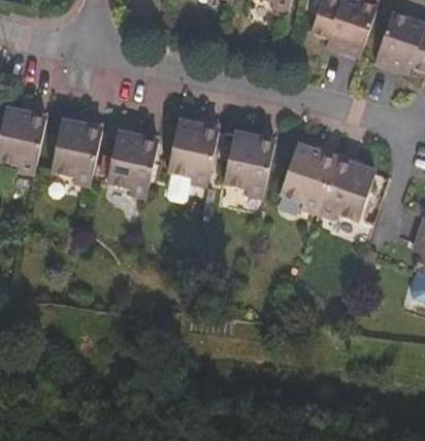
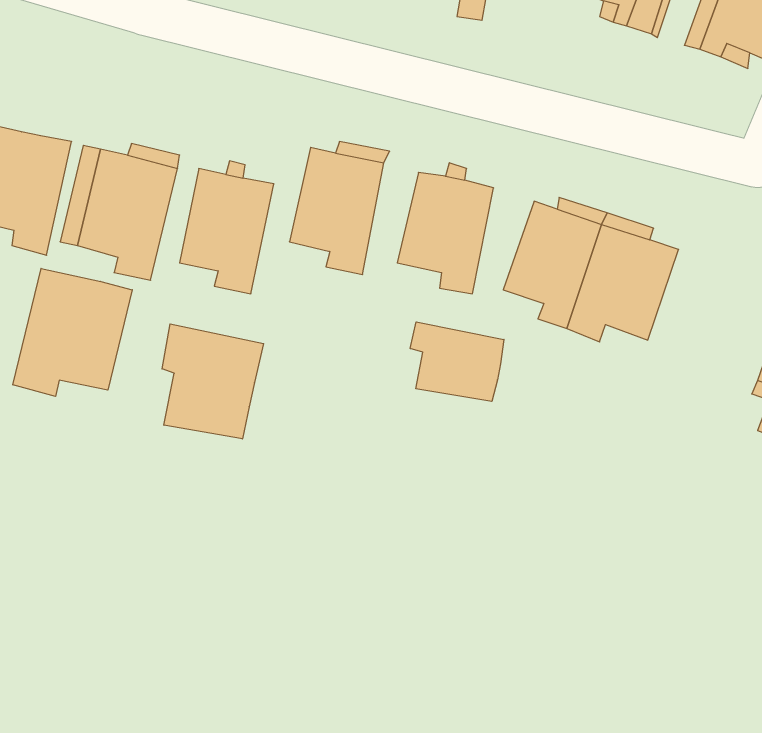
building: none -> [13,268,132,396]
building: none -> [410,322,504,401]
building: none -> [162,324,264,439]

